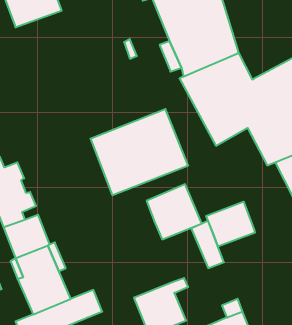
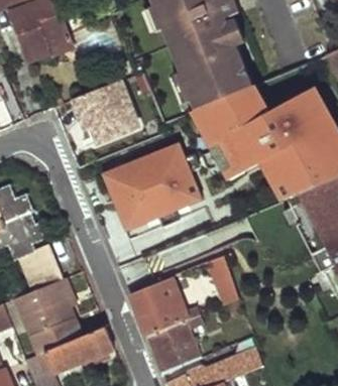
building: none -> [74,81,136,140]
building: [147,184,202,239] -> [130,278,187,335]
building: [206,202,255,246] -> none

